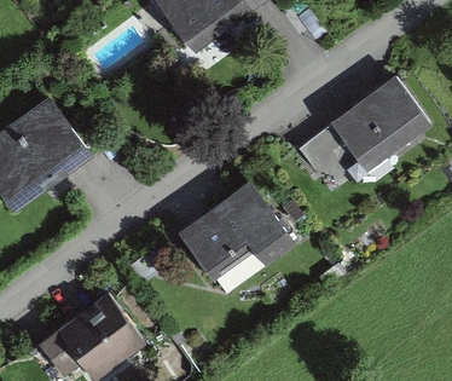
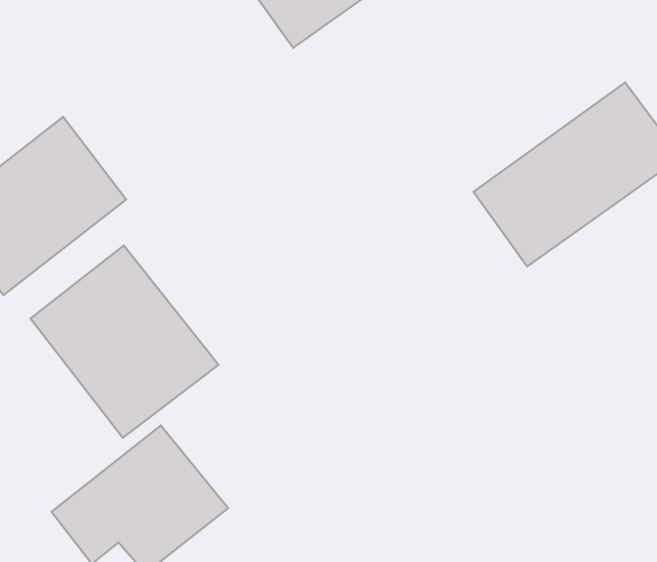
building: none -> [30,246,218,438]
building: [172,178,297,287] -> none

